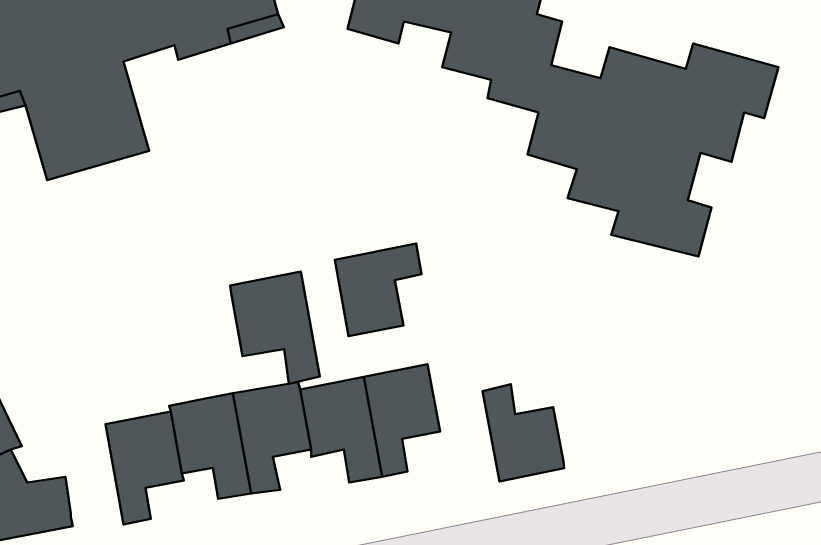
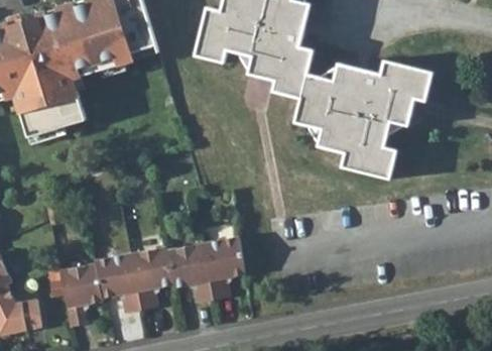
building: [335,244,421,336] -> none
building: [230,272,320,384] -> none
building: [482,384,564,481] -> none

